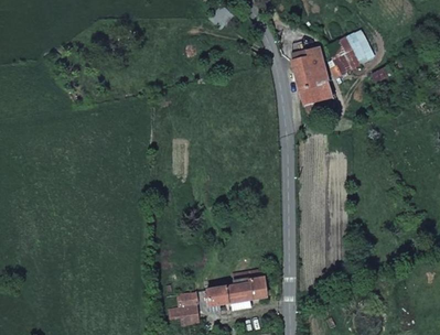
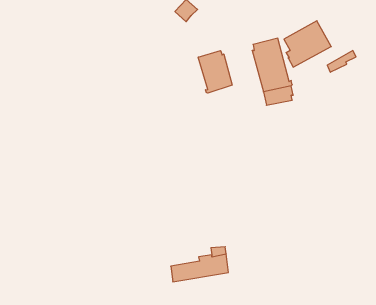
building: none -> [198,51,232,93]
building: [168,291,198,316] -> none

